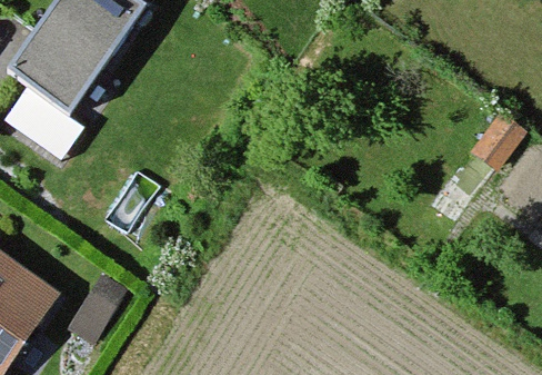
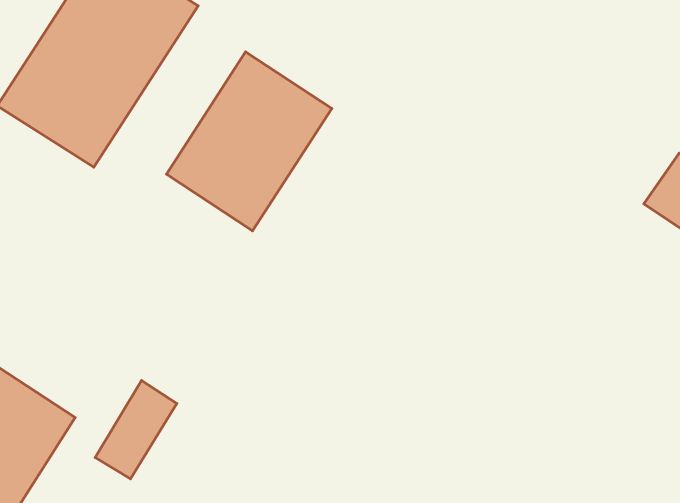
building: none -> [166,52,332,231]

